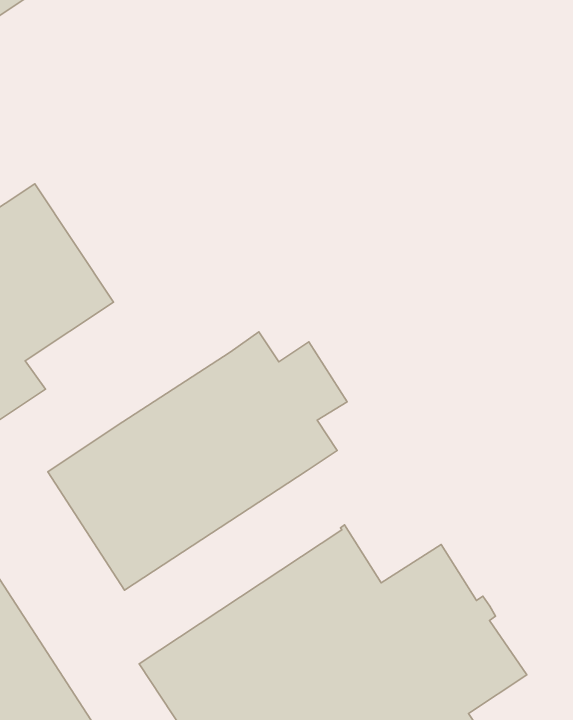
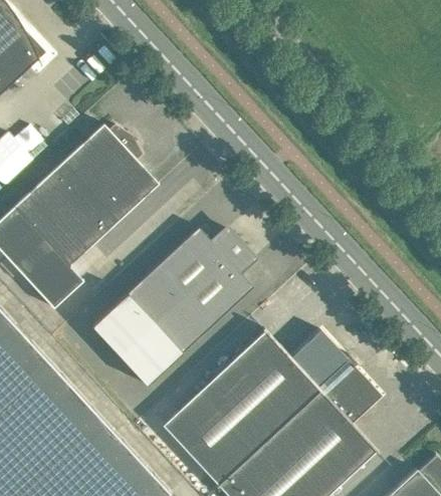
building: none -> [58,125,159,225]

